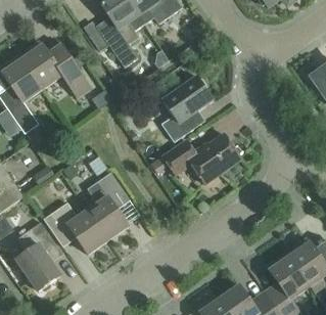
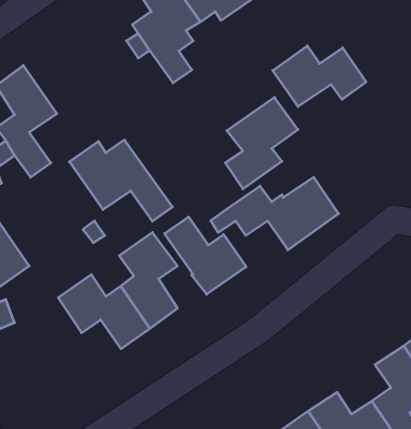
building: [18,40,91,97] -> [69,140,173,221]
building: none -> [273,46,366,107]
building: none -> [165,217,246,294]
building: [15,222,59,291] -> none

